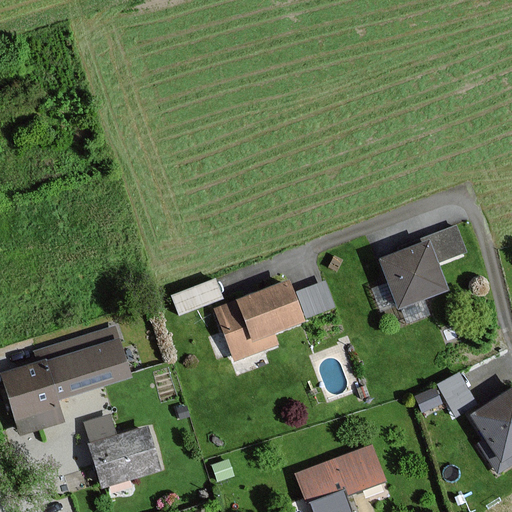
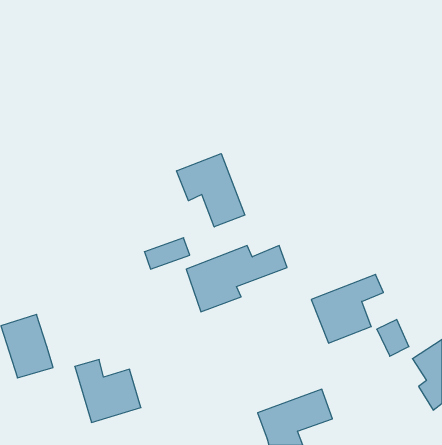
building: none -> [177,154,245,227]
building: [380,228,463,307] -> [311,274,383,343]
building: [42,339,127,398] -> none

